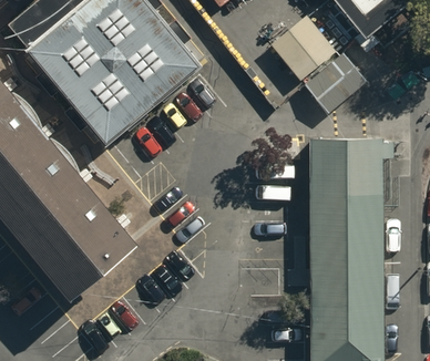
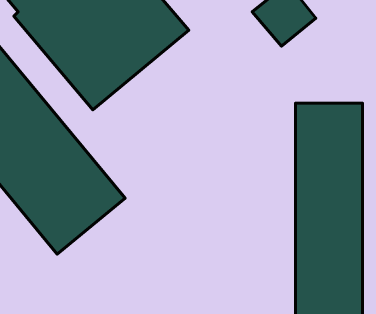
building: [304,56,364,114] -> none

